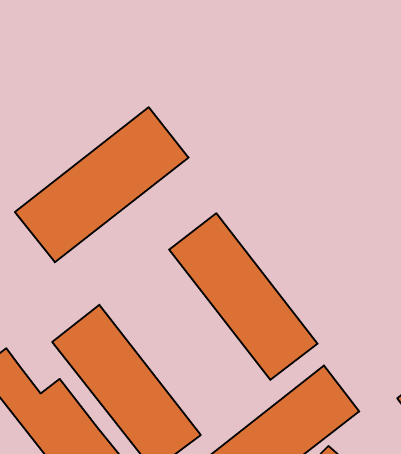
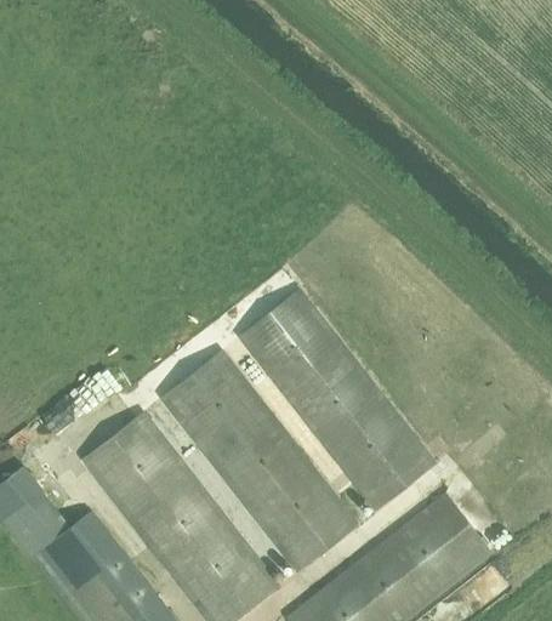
building: [15,107,189,262] -> none
building: none -> [160,349,359,572]

